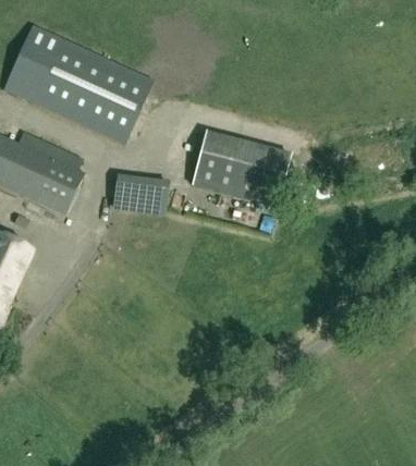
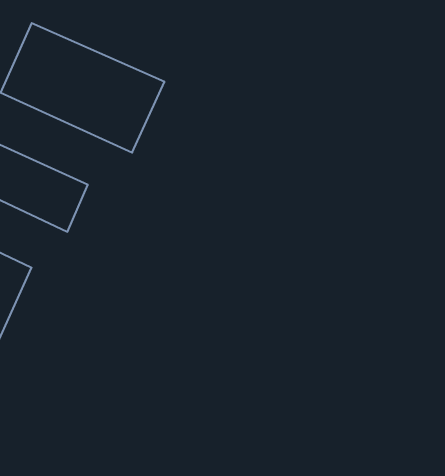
building: [192,133,291,204] -> none
building: [113,175,168,210] -> none

